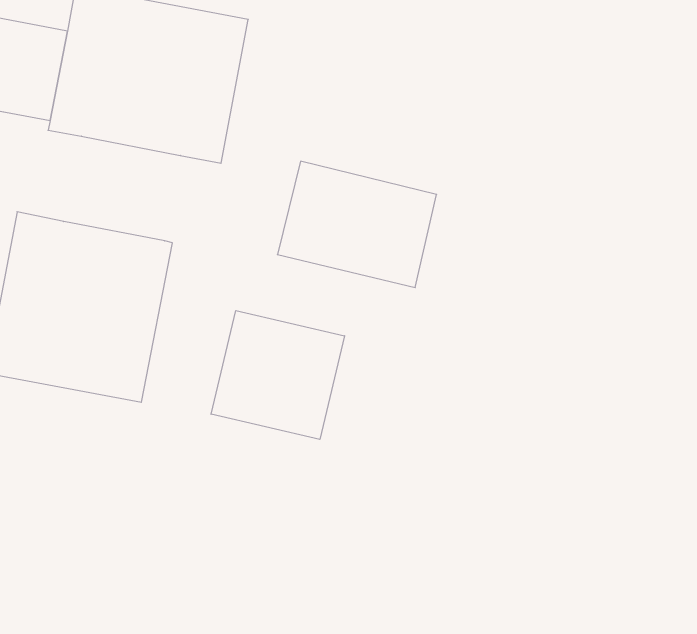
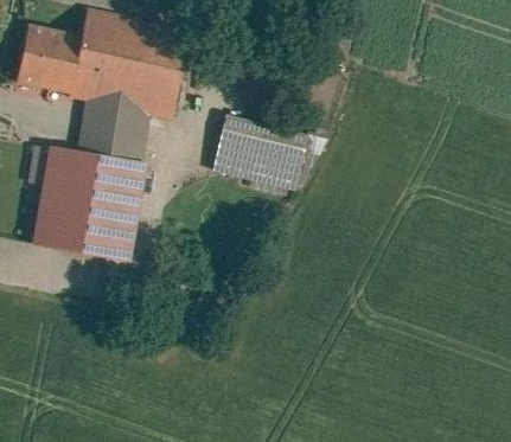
building: none -> [79,100,151,164]
building: [211,311,345,439] -> none

